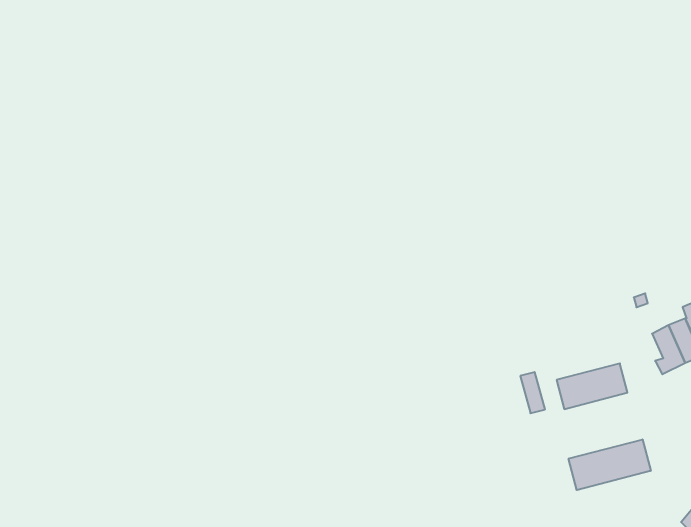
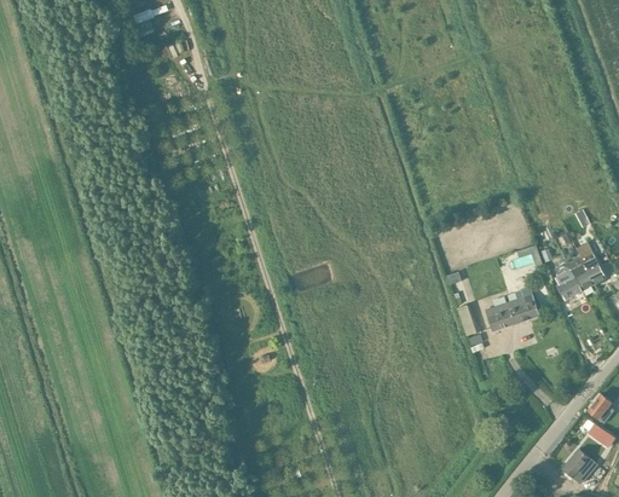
building: [569,439,651,490] -> none

